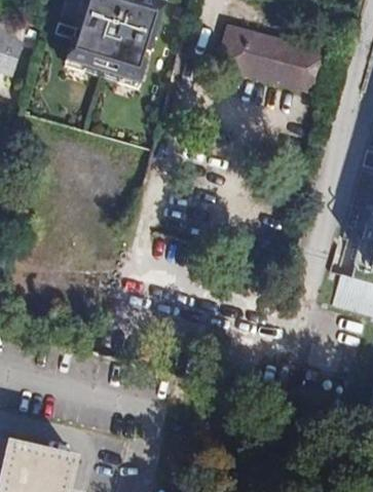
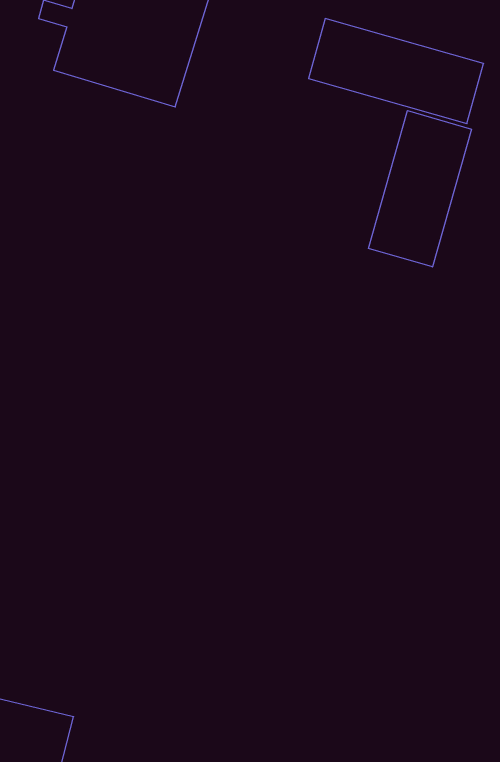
building: none -> [368,111,472,267]

